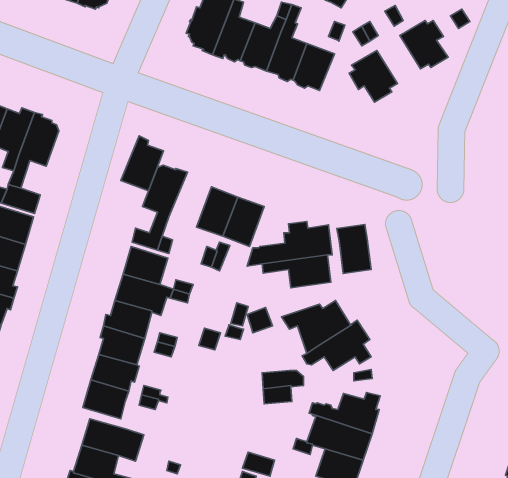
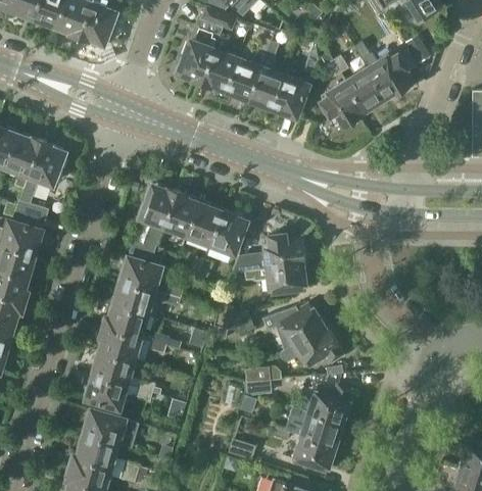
building: none -> [346,68,385,111]
building: [121,136,163,191] -> [161,190,199,239]
building: [337,224,371,274] -> none

